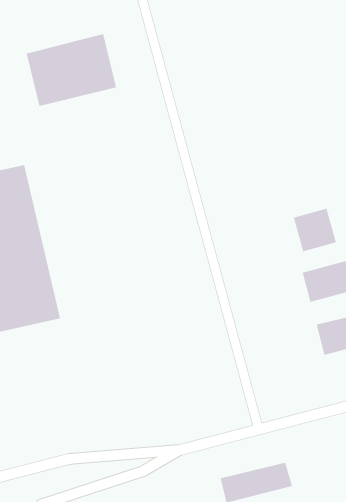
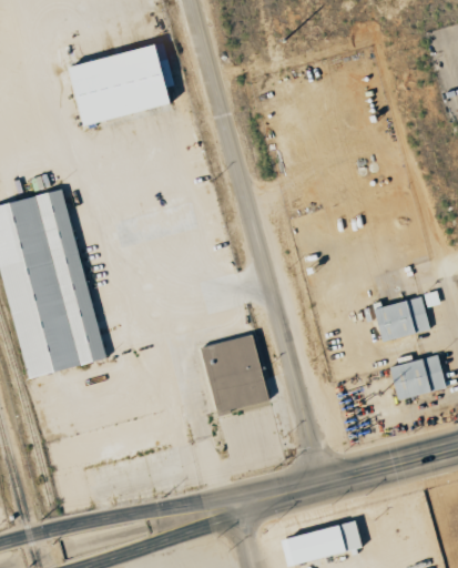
building: [293,208,337,252] -> none
building: none -> [202,334,268,412]

